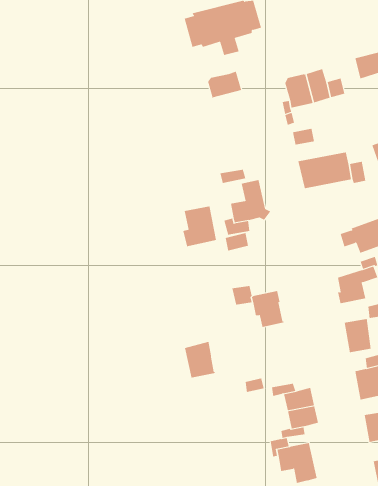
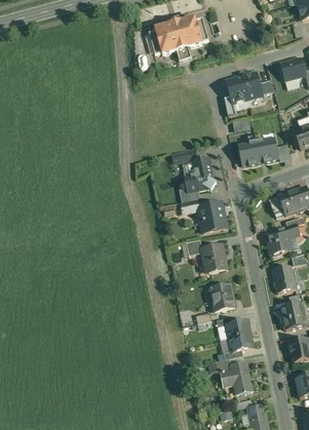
building: [207,71,242,98] -> none
building: [182,206,217,247] -> [200,201,227,233]
building: [184,341,216,378] -> [210,283,235,312]

